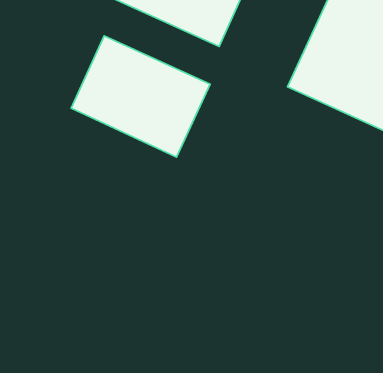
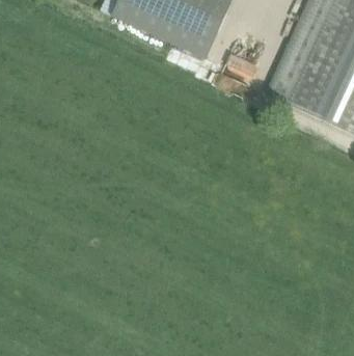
building: [71,36,210,157] -> none

